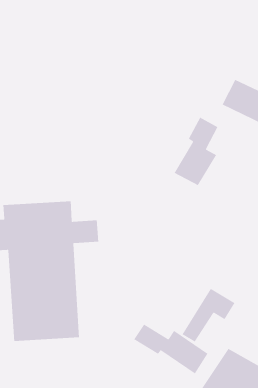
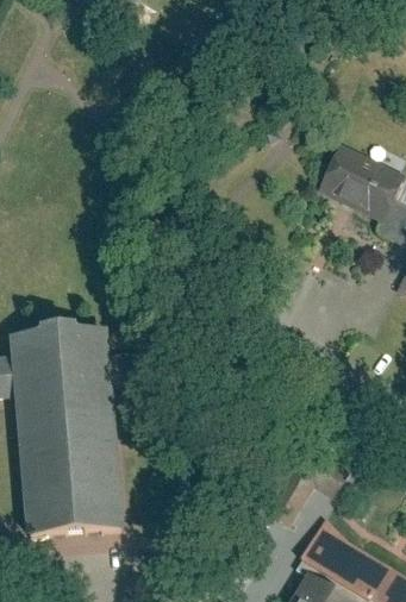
building: [173,117,219,186] -> none
building: [133,323,209,375] -> none

